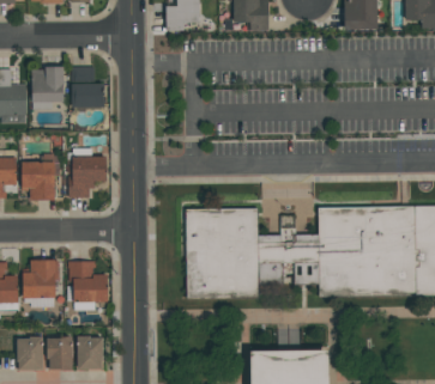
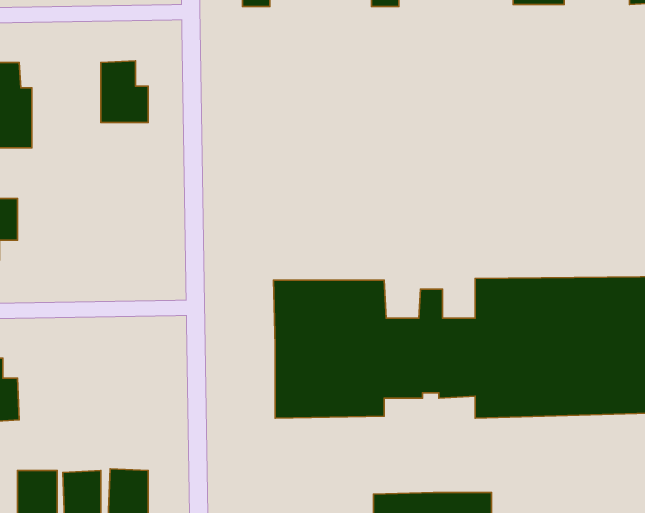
building: [31,67,64,109] -> none
building: [71,156,105,196] -> none
building: [22,160,58,200] -> none
building: [23,260,58,300] -> none
building: [71,261,107,301] -> none

